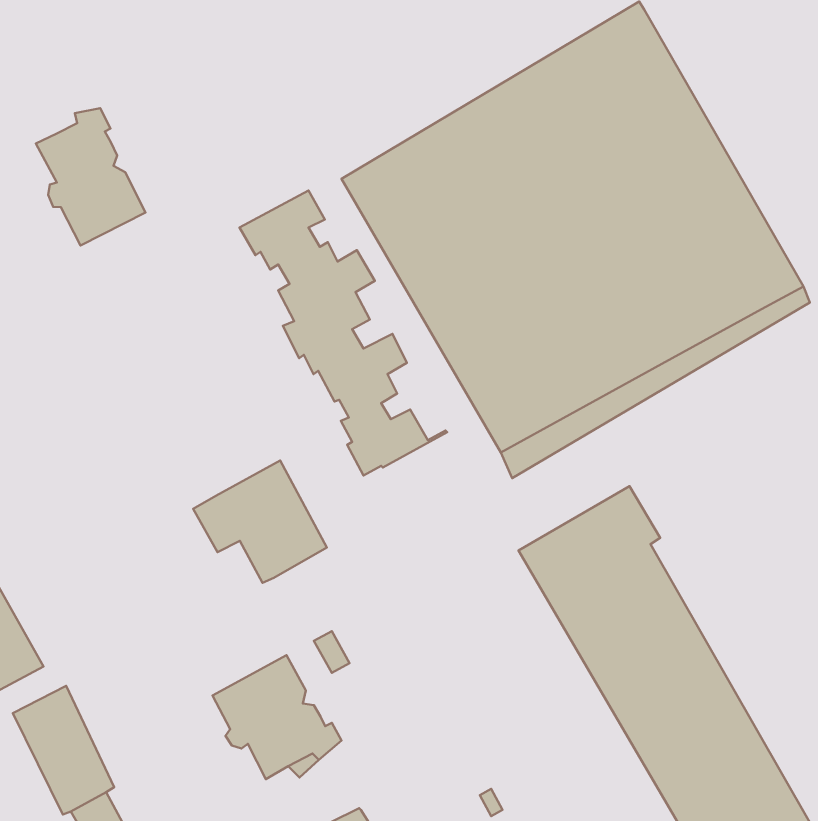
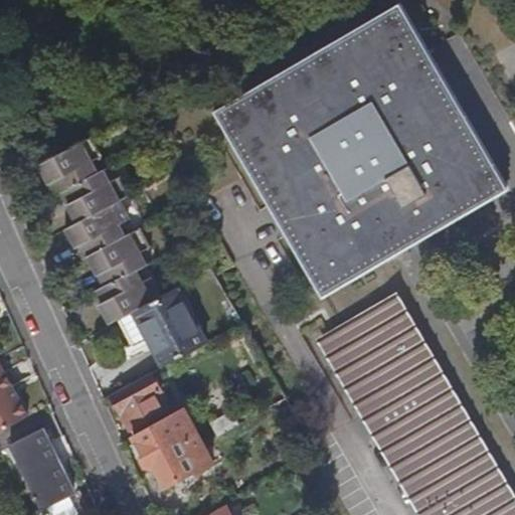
building: [36,108,146,245] -> none
building: [239,191,447,476] -> [45,138,175,316]
building: none -> [110,374,164,431]

